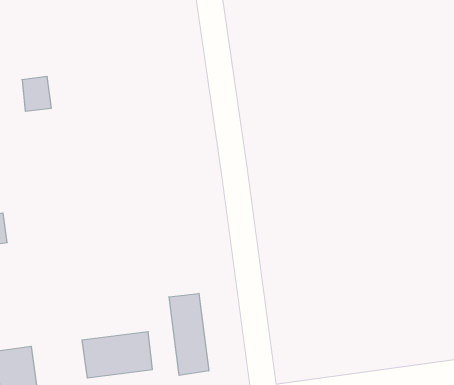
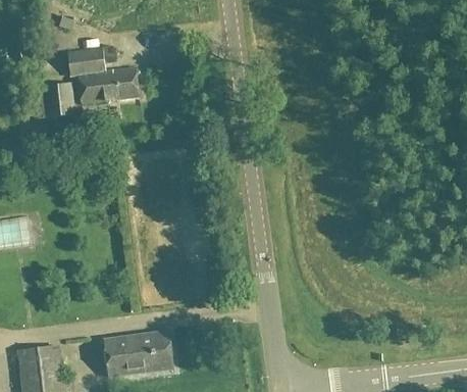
building: none -> [66,45,138,103]
building: [169,293,209,375] -> none

